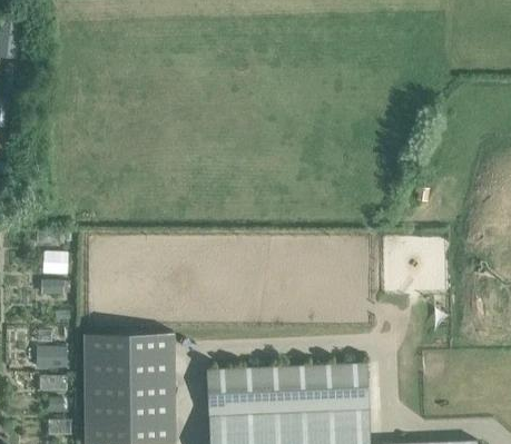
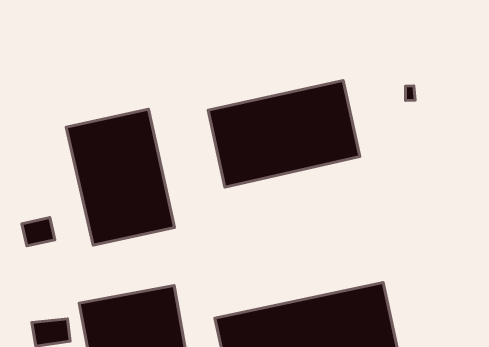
building: none -> [66,109,174,245]
building: none -> [208,80,360,187]

